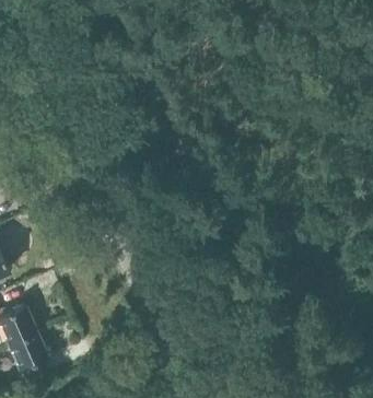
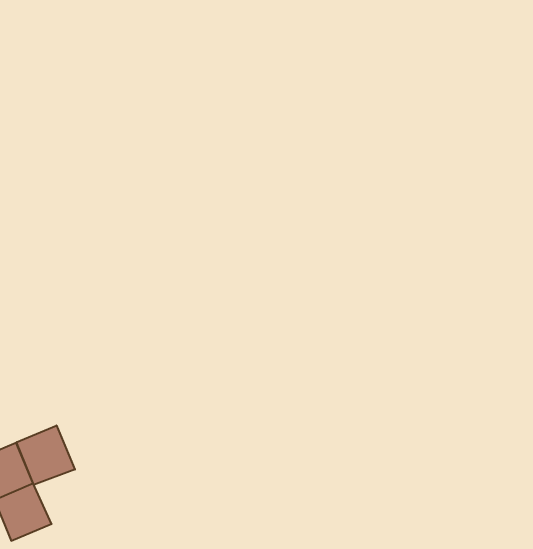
building: none -> [17,425,75,485]

